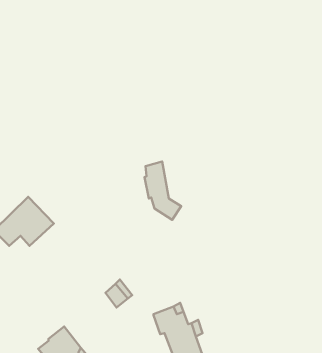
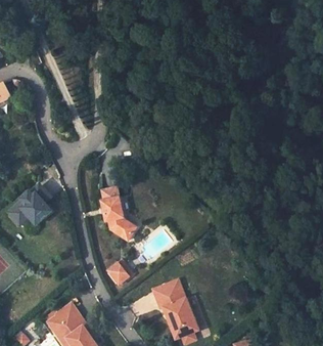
building: [144,162,181,220] -> [101,185,135,239]

